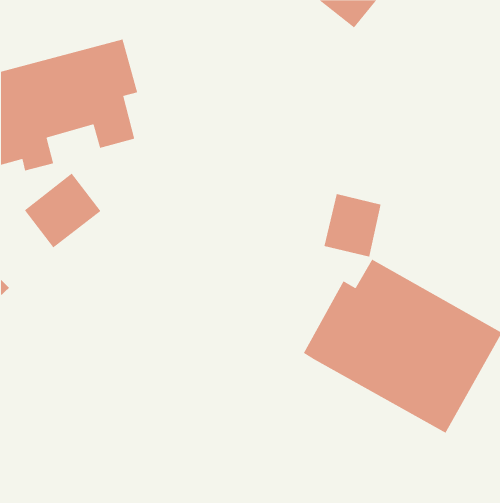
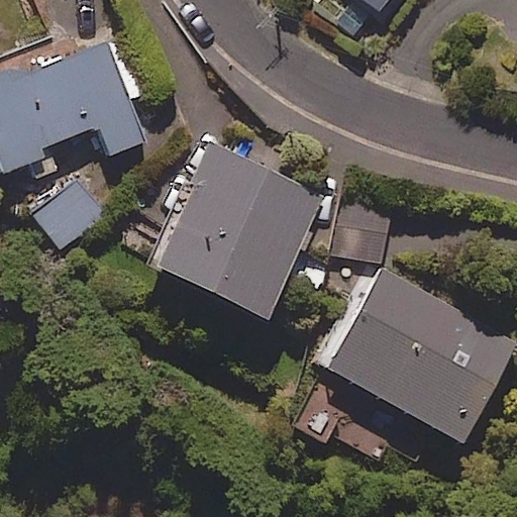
building: none -> [149,142,323,319]

